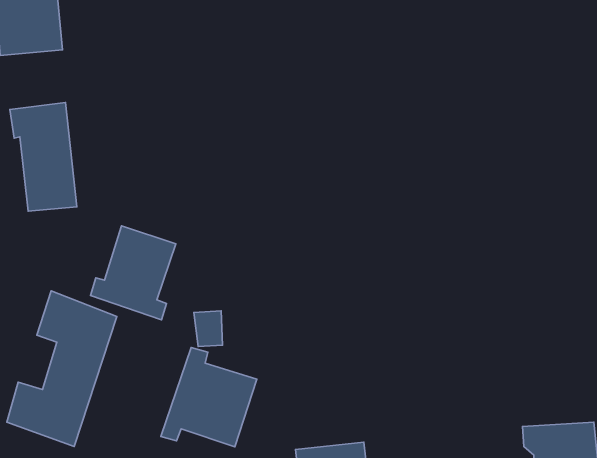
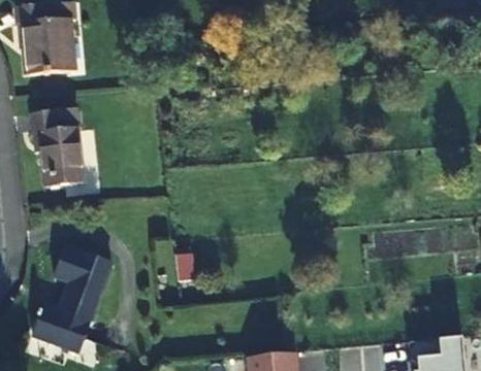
building: [91,226,176,320] -> none
building: [161,347,257,447] -> none

